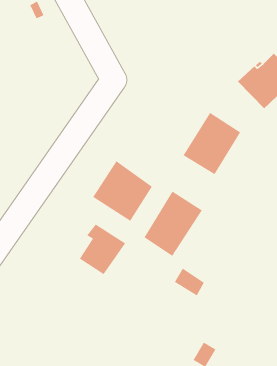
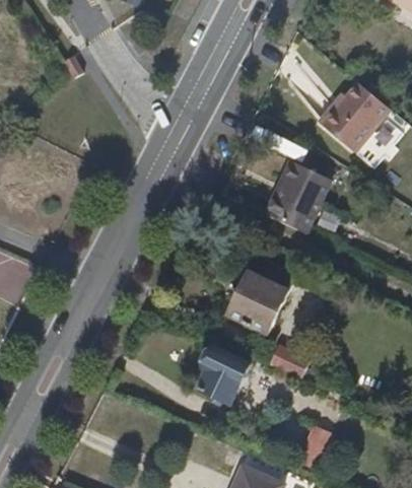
building: [92,160,153,222] -> none
building: [79,224,126,275] -> [198,345,251,404]

